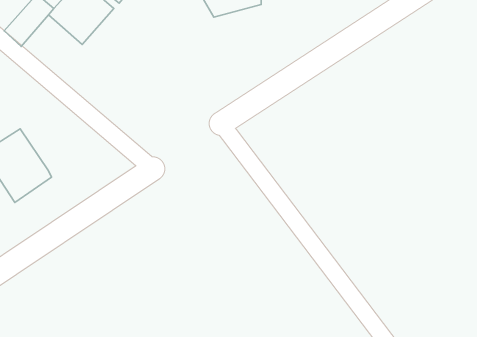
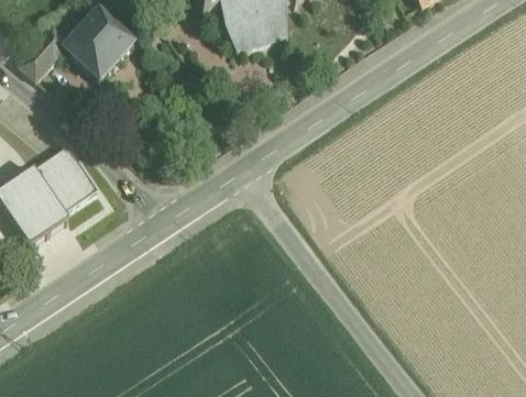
building: none -> [35,143,100,210]

